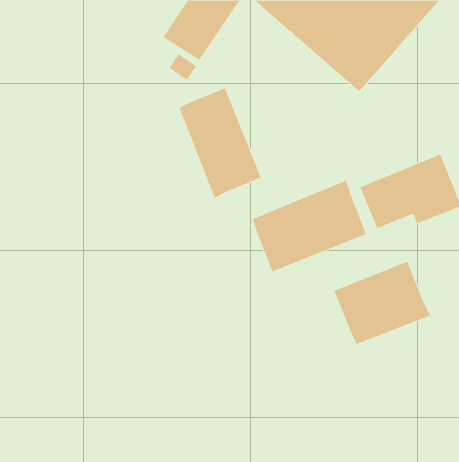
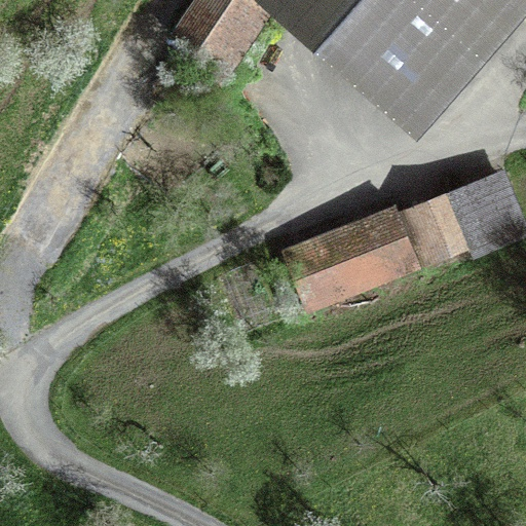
building: [179,87,261,198] -> none
building: [333,261,431,345] -> none

